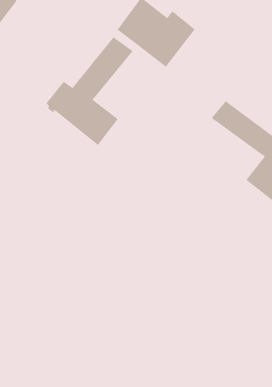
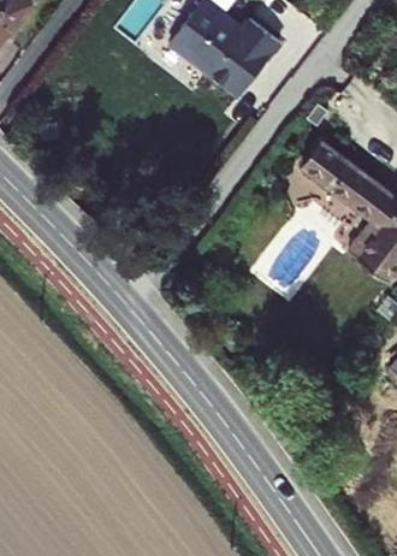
building: [46,36,133,146] -> none

